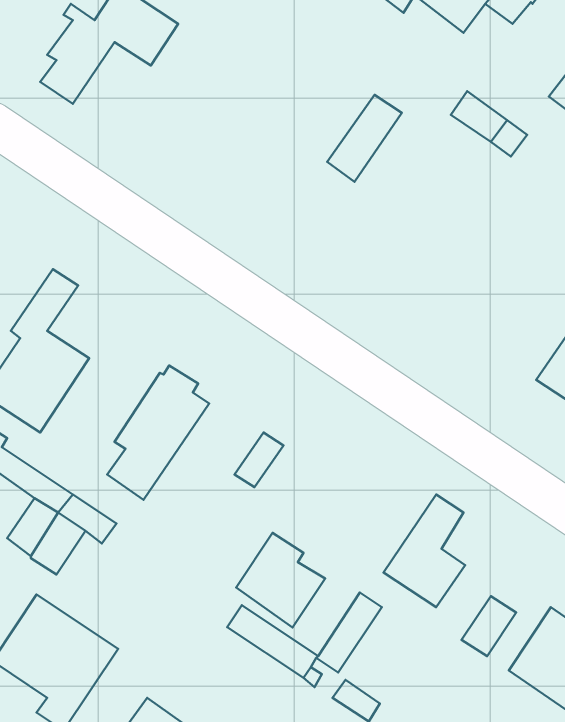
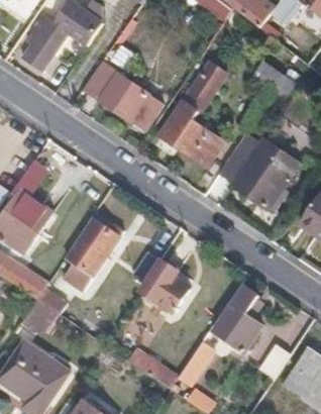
building: none -> [85,62,163,129]
building: none -> [161,101,225,166]
building: none -> [220,133,299,209]
building: [236,533,325,627] -> [142,261,192,313]

